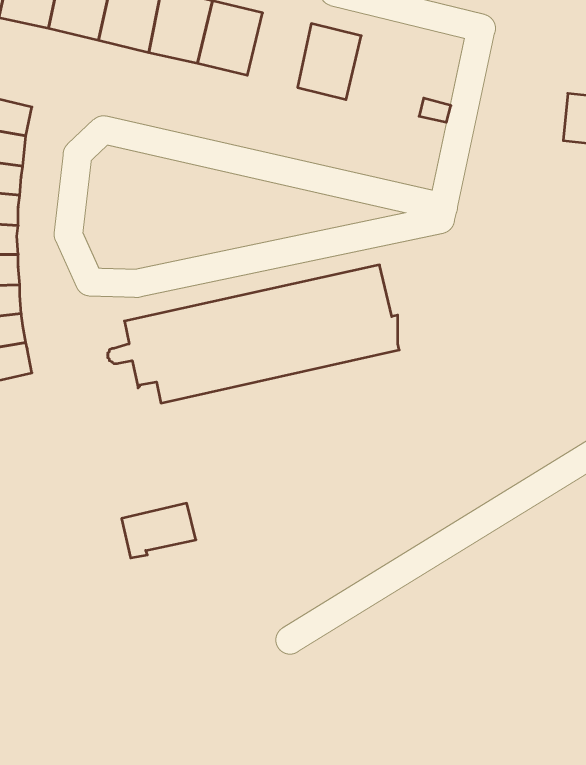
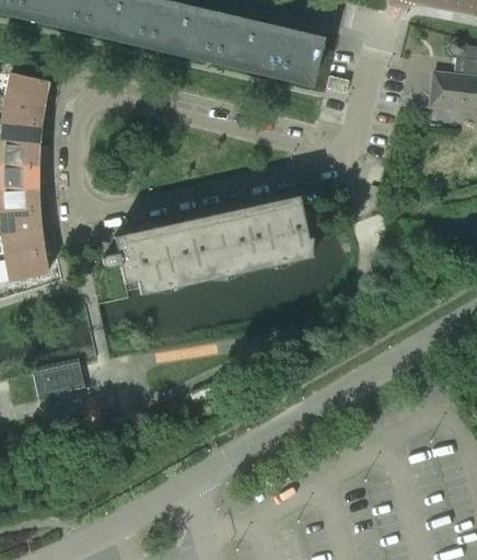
building: none -> [203,14,249,68]
building: none -> [275,31,322,84]
building: [122,503,196,558] -> [33,362,86,401]

